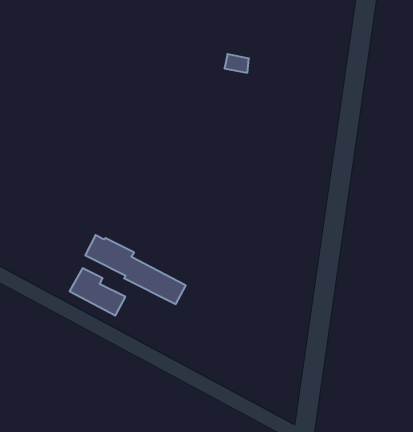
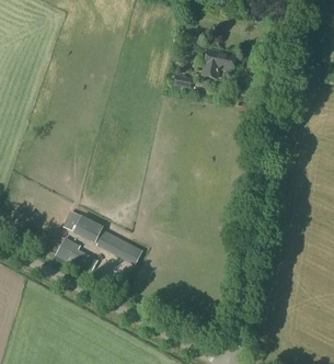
building: none -> [203,48,235,77]

